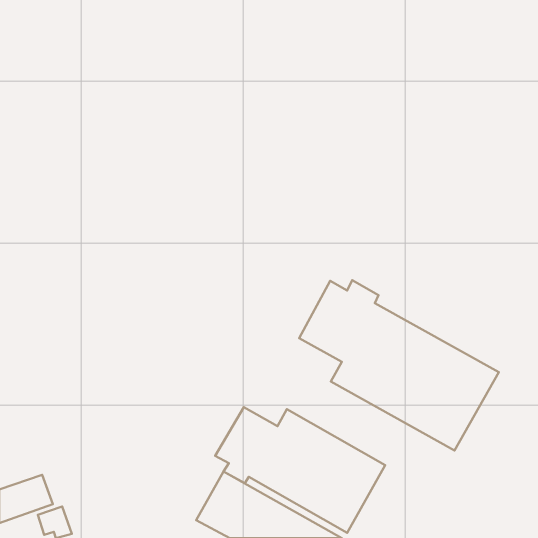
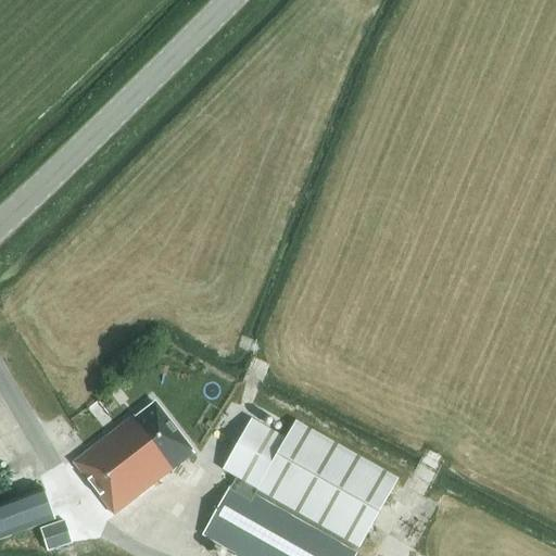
building: [299,280,499,450] -> none
building: none -> [73,403,193,514]

